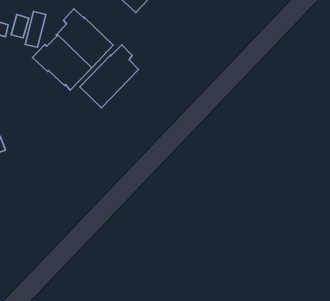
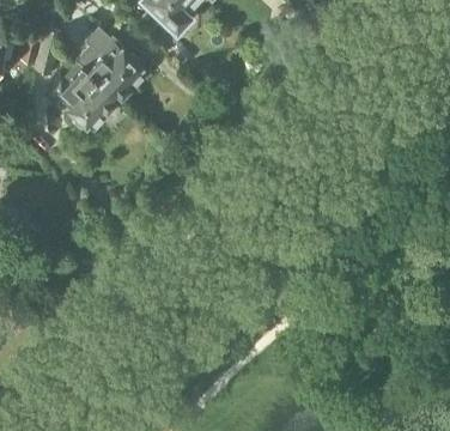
building: [80,45,139,108] -> none

